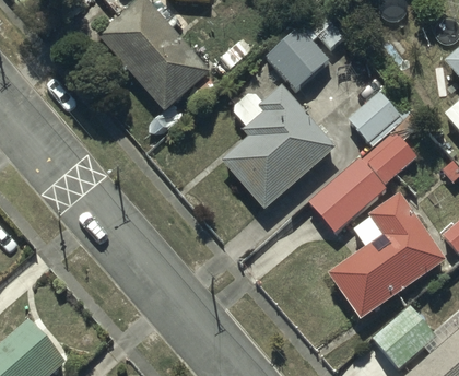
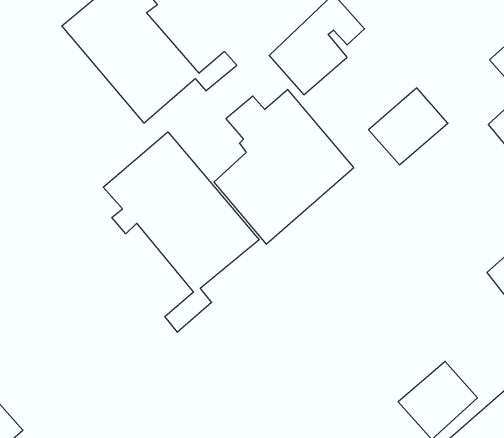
building: [307,113,421,232] -> none
building: none -> [103,132,259,332]
building: [327,195,445,318] -> none

